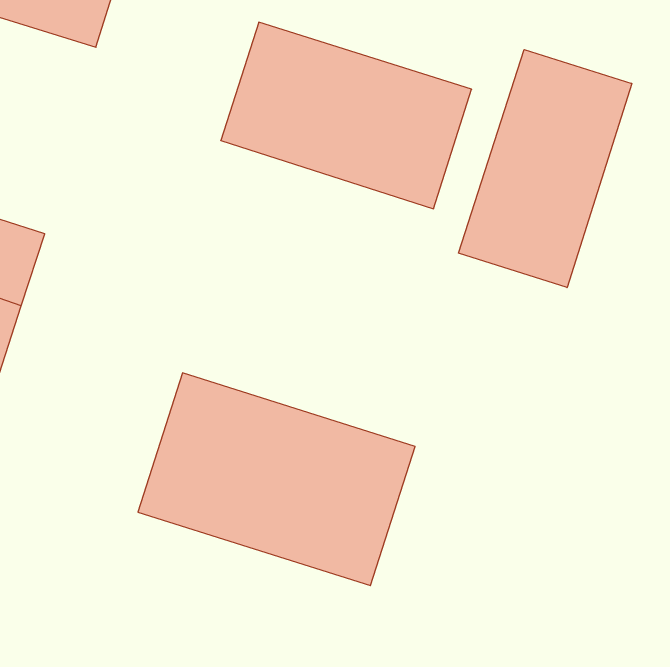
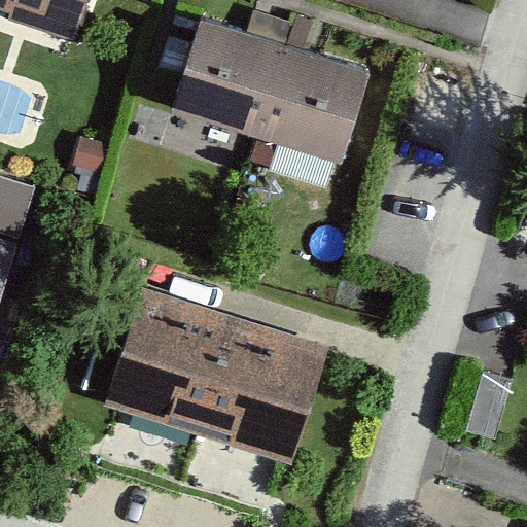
building: [459,50,632,288] -> none

